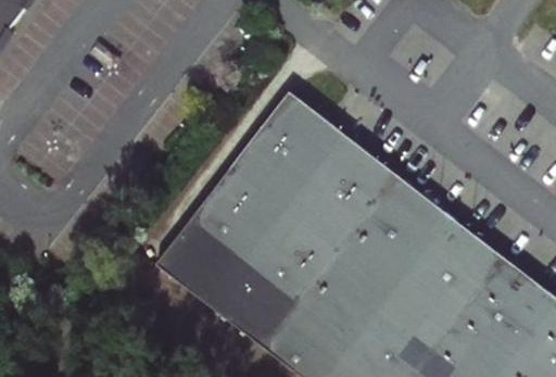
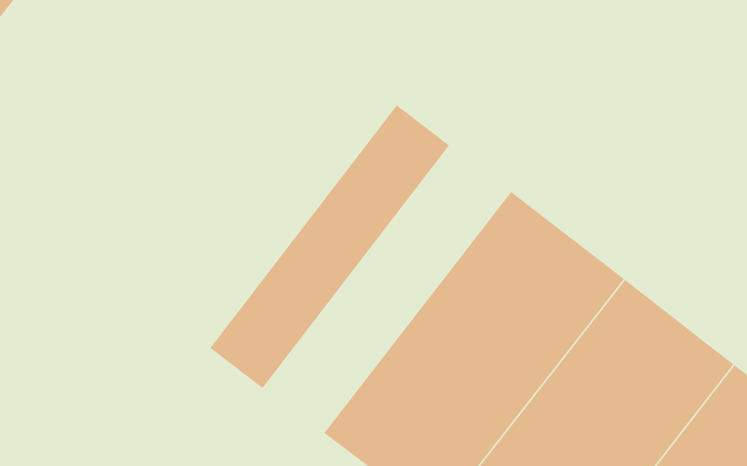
building: [193,122,370,327] -> none

